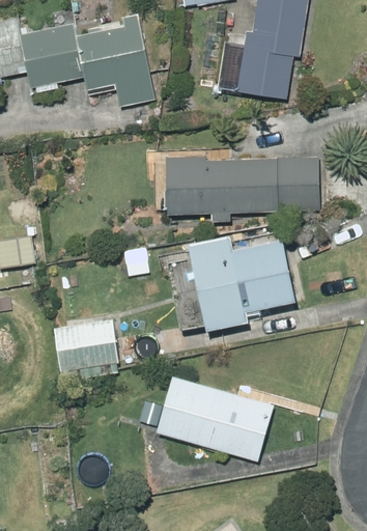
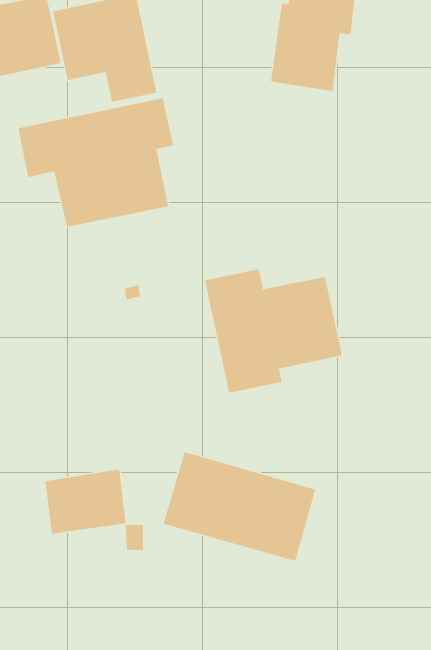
building: none -> [17,98,174,228]
building: [164,157,319,222] -> none
building: [54,320,117,371] -> [44,469,126,535]

